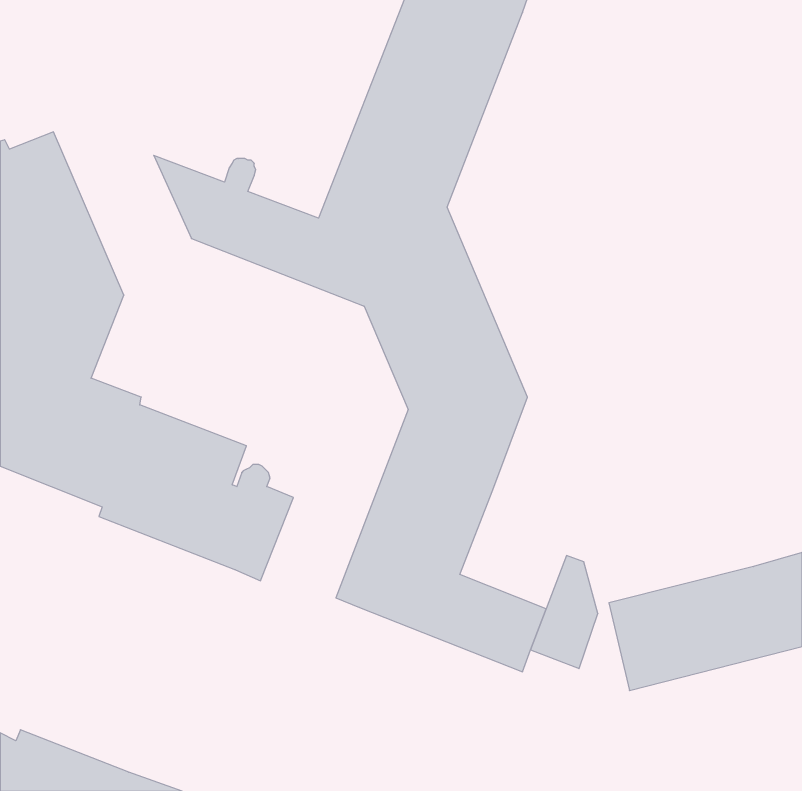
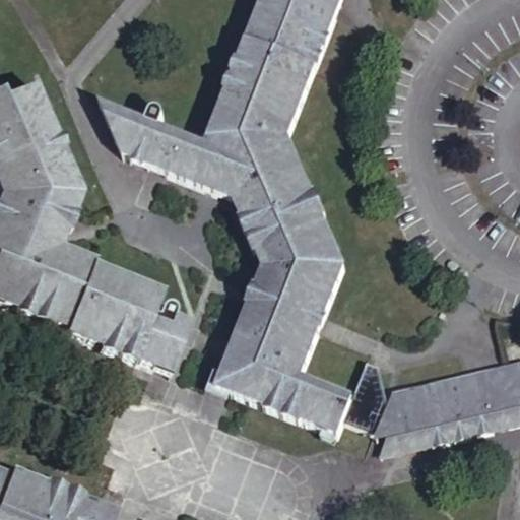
building: none -> [375,390,407,453]

